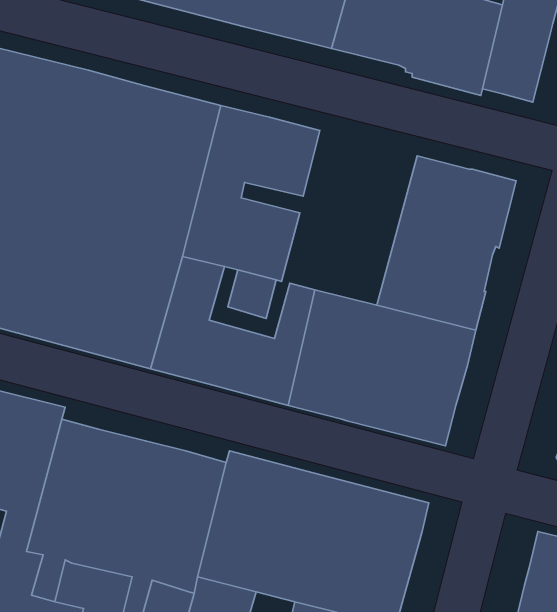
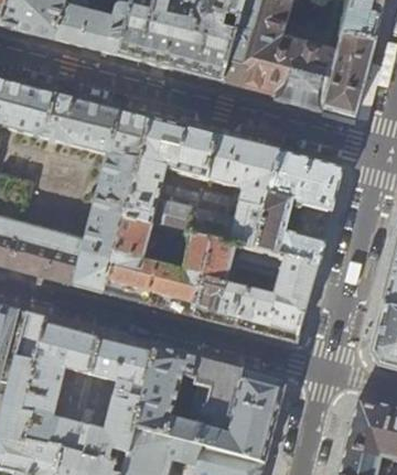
building: none -> [190,134,279,249]

